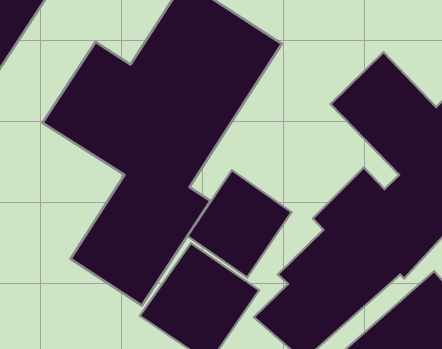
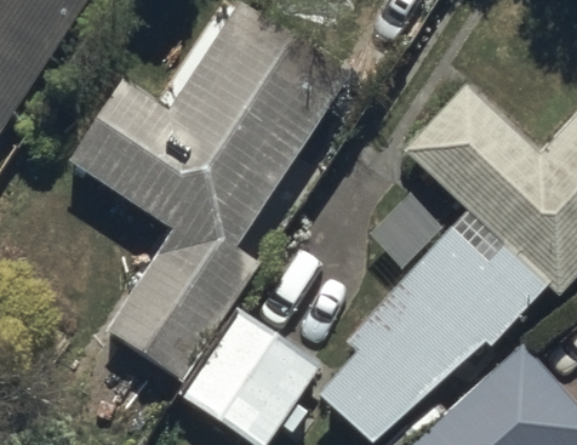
building: [187,170,292,277] -> none

